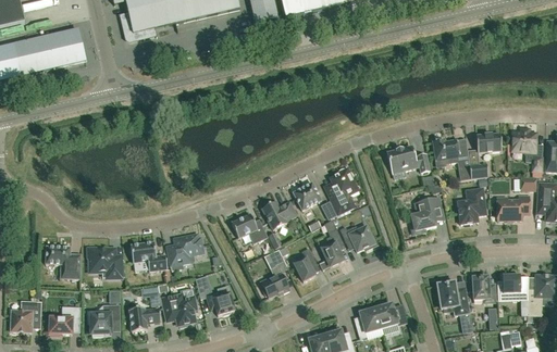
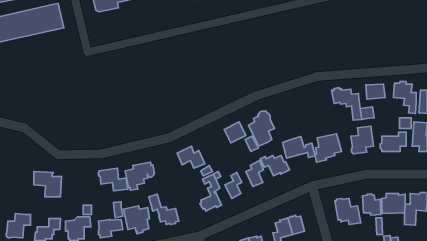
building: [387,144,430,173] -> [282,136,315,158]
building: [262,201,296,229] -> none
building: [87,247,125,276] -> none

